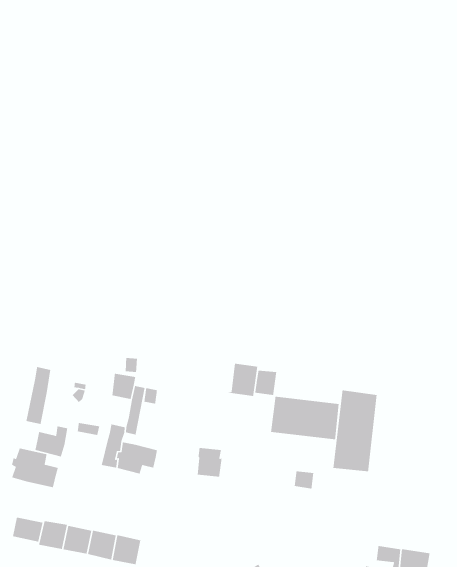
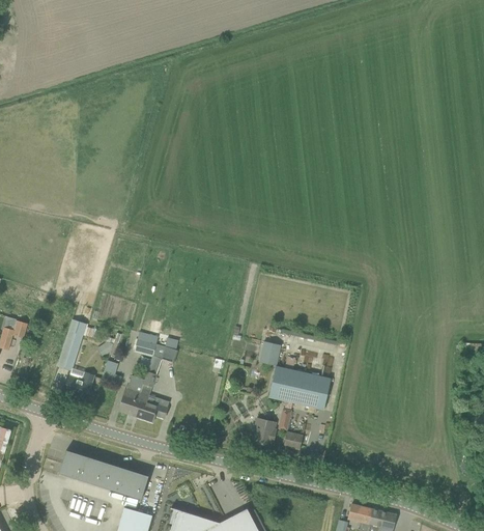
building: [228,362,258,397] -> none
building: [333,389,378,472] -> none
building: [197,447,223,477] -> [253,418,277,446]
building: [11,448,59,488] -> none
building: [9,516,43,542] -> none

